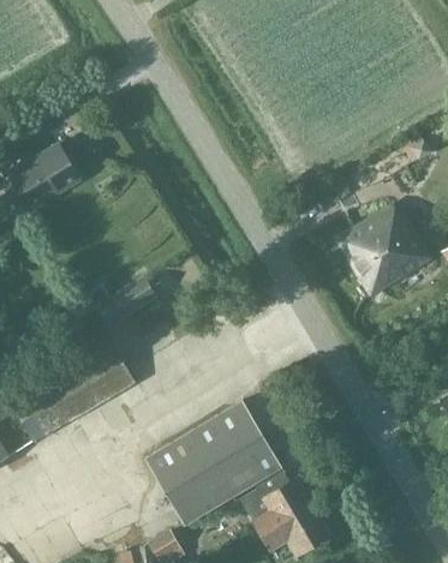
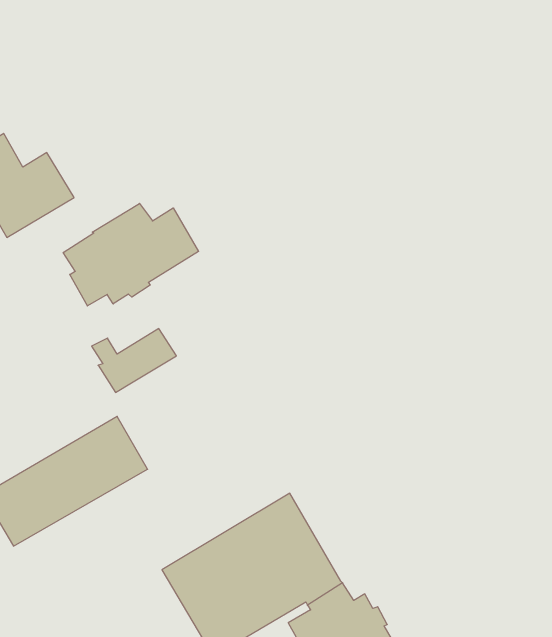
building: none -> [63,203,199,306]
building: [334,206,428,298] -> none

